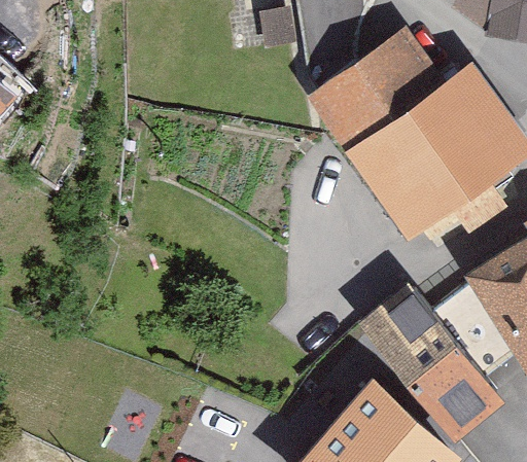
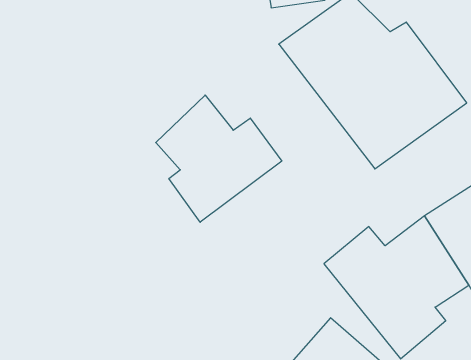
building: none -> [156,95,282,222]

